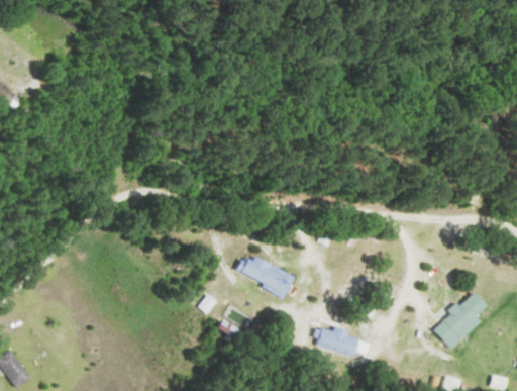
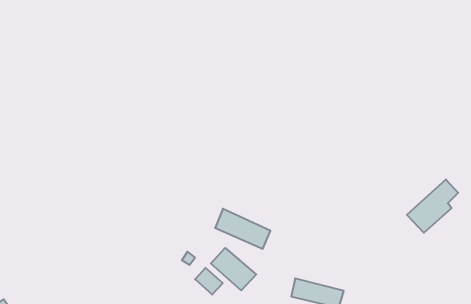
building: [434,291,489,348] -> [407,179,458,233]
building: none -> [211,248,256,290]

